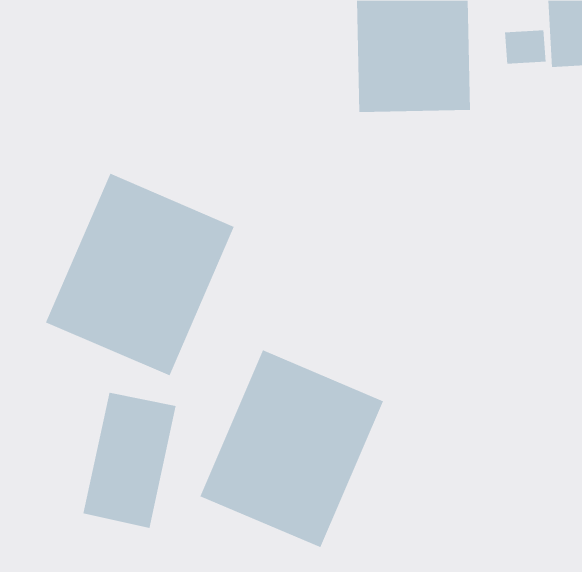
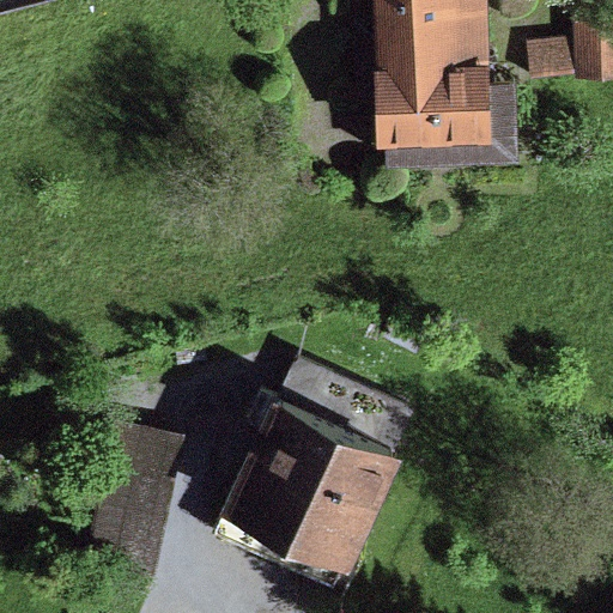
building: [45,173,235,376] -> none

